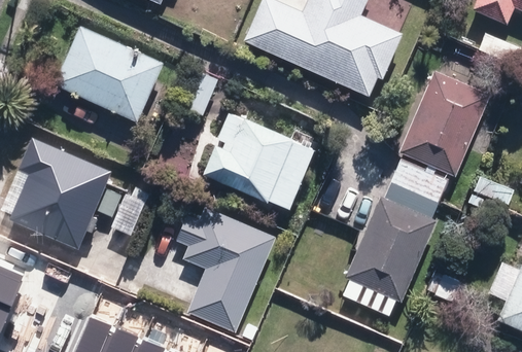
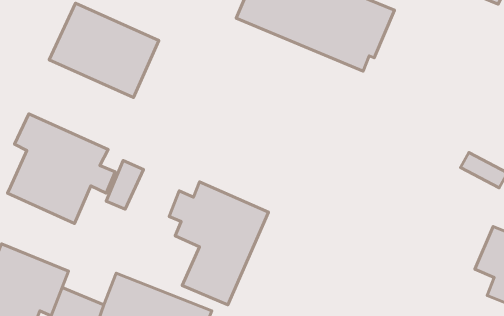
building: [399,75,487,176] -> none
building: [202,113,315,210] -> none
building: [346,162,447,303] -> none

